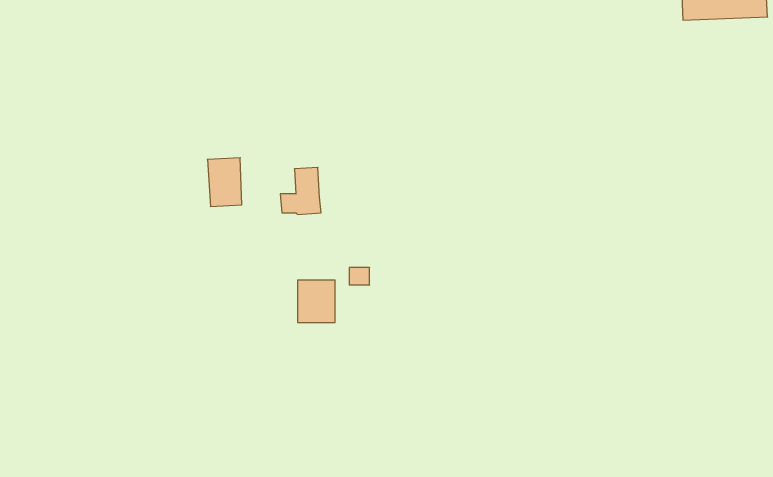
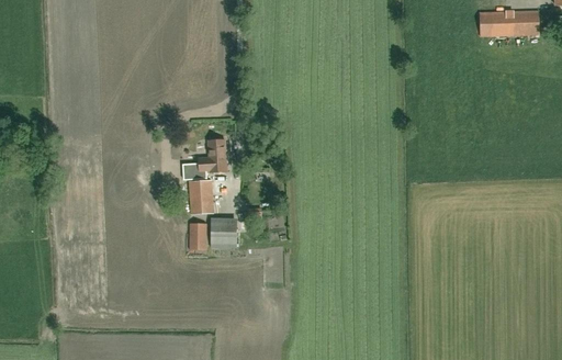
building: [207,158,242,206] -> [189,180,213,214]
building: none -> [189,223,206,250]

